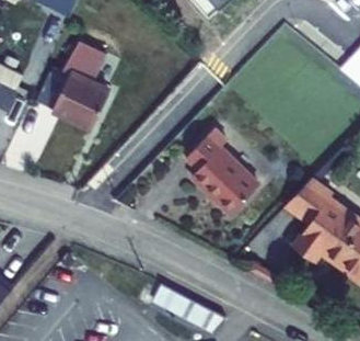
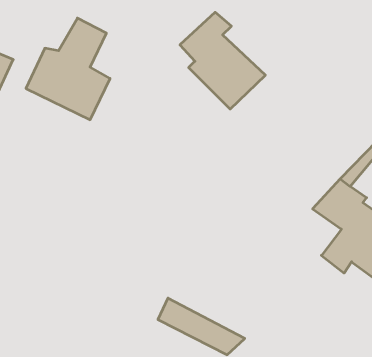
building: [184,129,258,214] -> [180,12,265,109]

